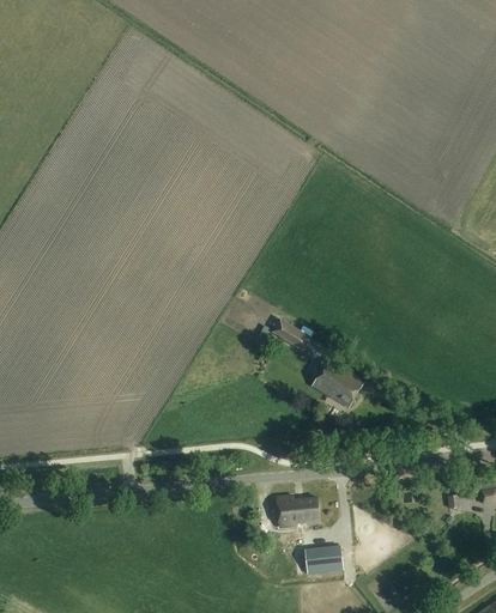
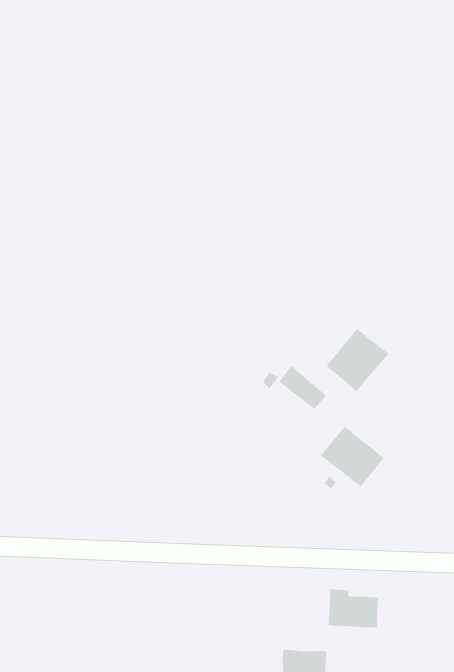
building: none -> [326,328,389,392]
building: [277,496,320,527] -> [328,589,379,628]

